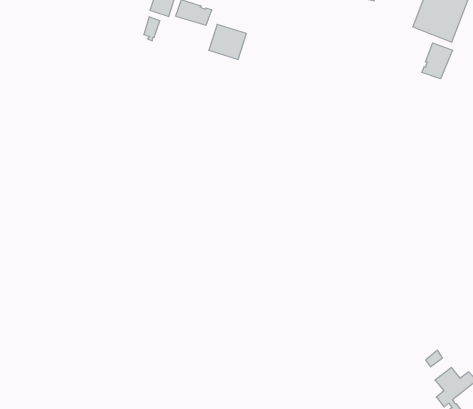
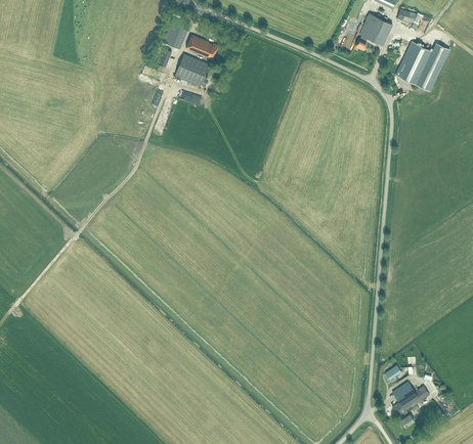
building: [209,24,246,59] -> [174,54,209,87]
building: [422,43,452,79] -> none

